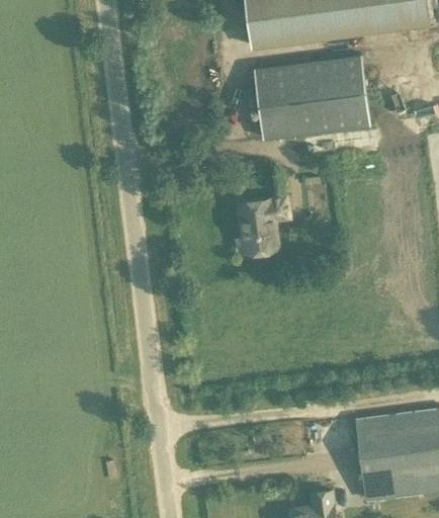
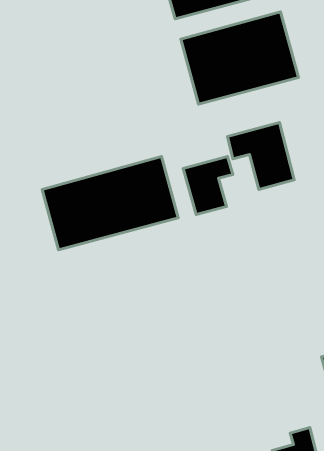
building: none -> [228,123,294,190]
building: none -> [42,157,178,250]

